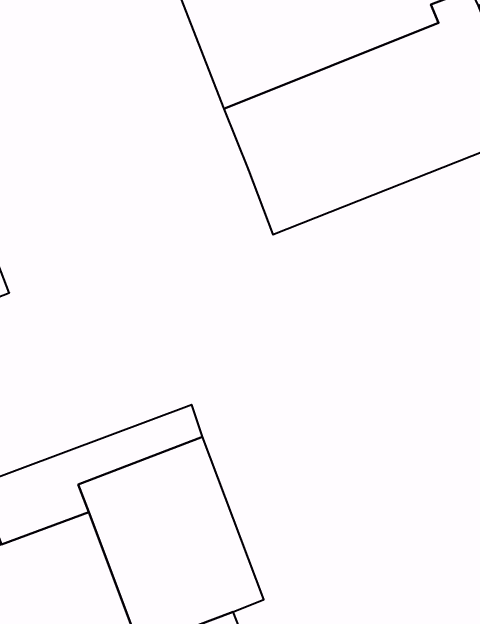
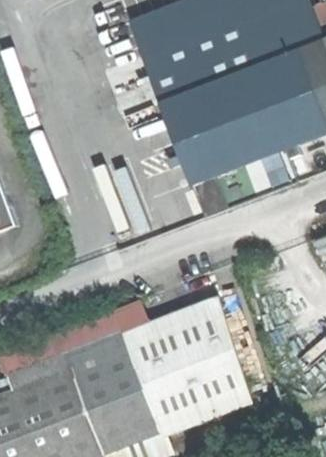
building: none -> [144,293,257,426]

